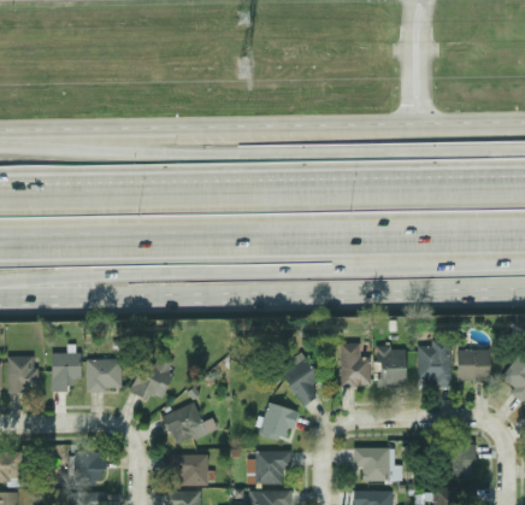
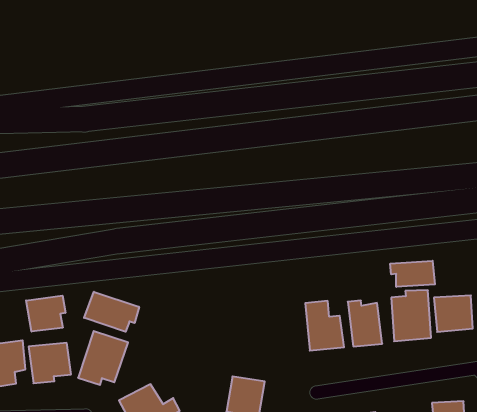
building: none -> [390,261,435,287]
building: none -> [84,292,139,332]
building: none -> [26,296,65,332]
building: [277,352,322,405] -> none

